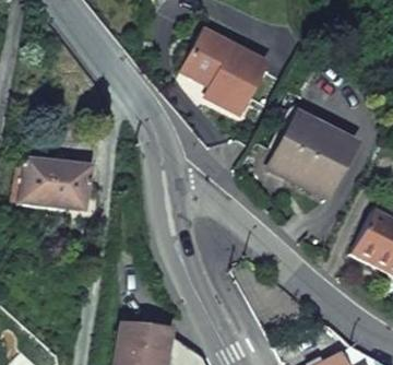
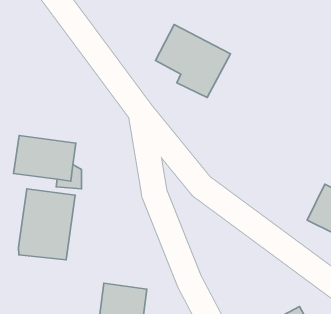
building: [266,115,352,197] -> none
building: none -> [19,189,75,260]

